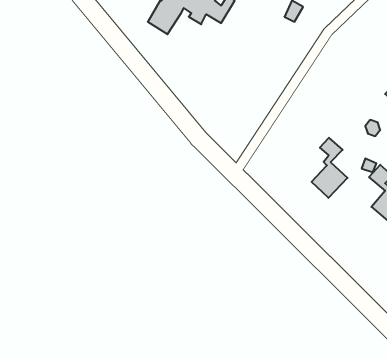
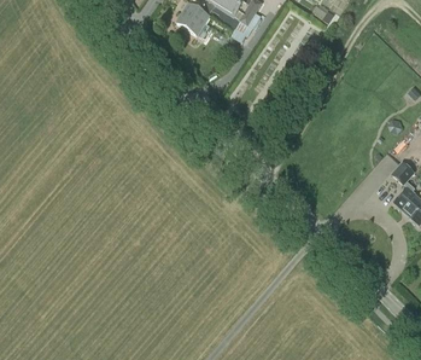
building: [312,138,348,198] -> none

